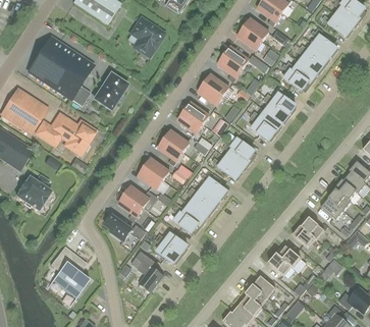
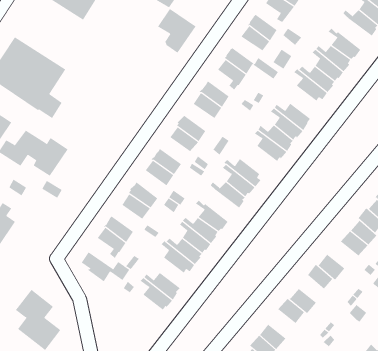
building: [130,17,163,55] -> [157,8,196,54]
building: [94,73,126,109] -> none
building: [130,250,163,292] -> none

